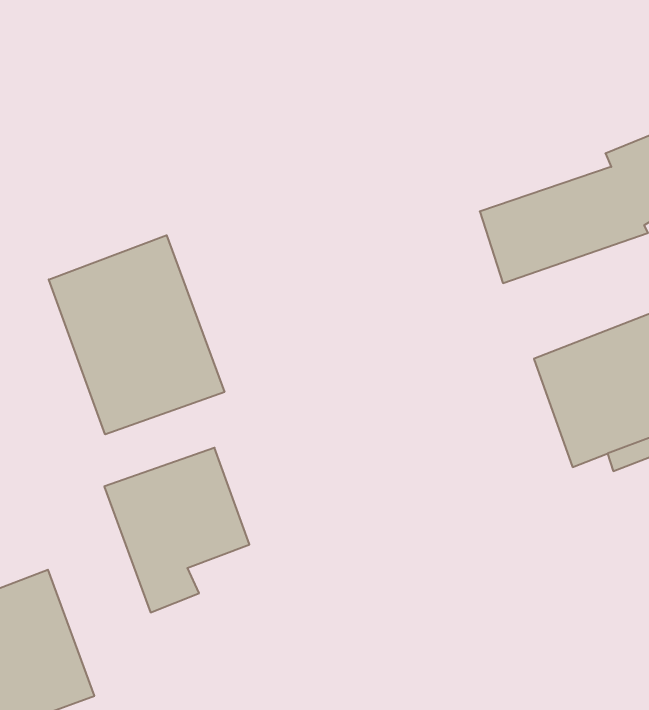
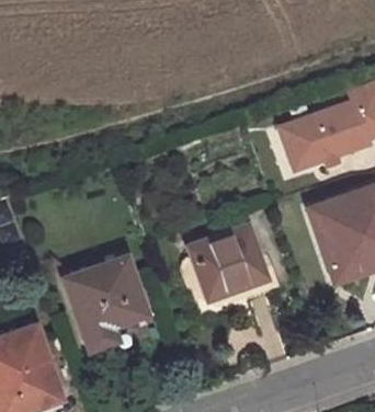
building: [49,235,224,434] -> none
building: none -> [186,222,265,299]

